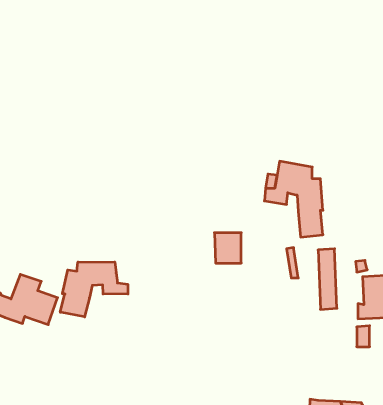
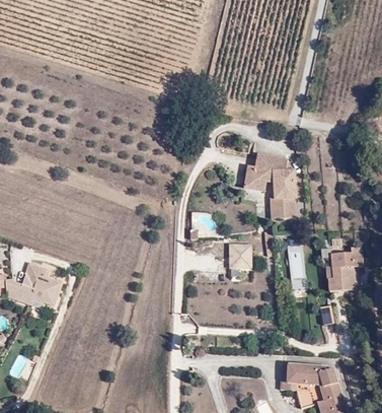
building: [214,233,241,263] -> [229,239,252,266]
building: [60,262,128,317] -> none

